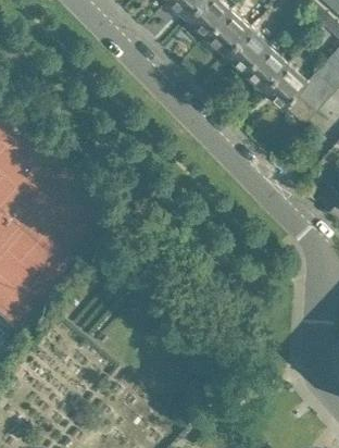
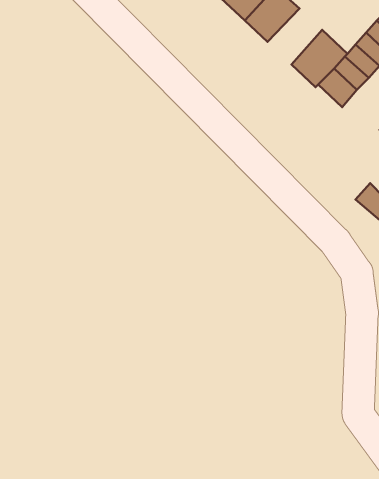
building: [243,45,288,90] -> none

